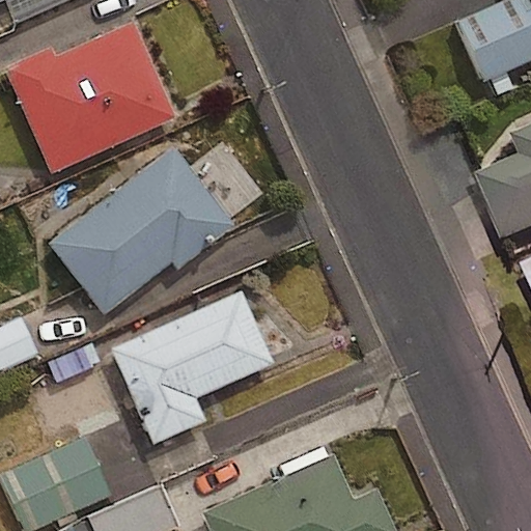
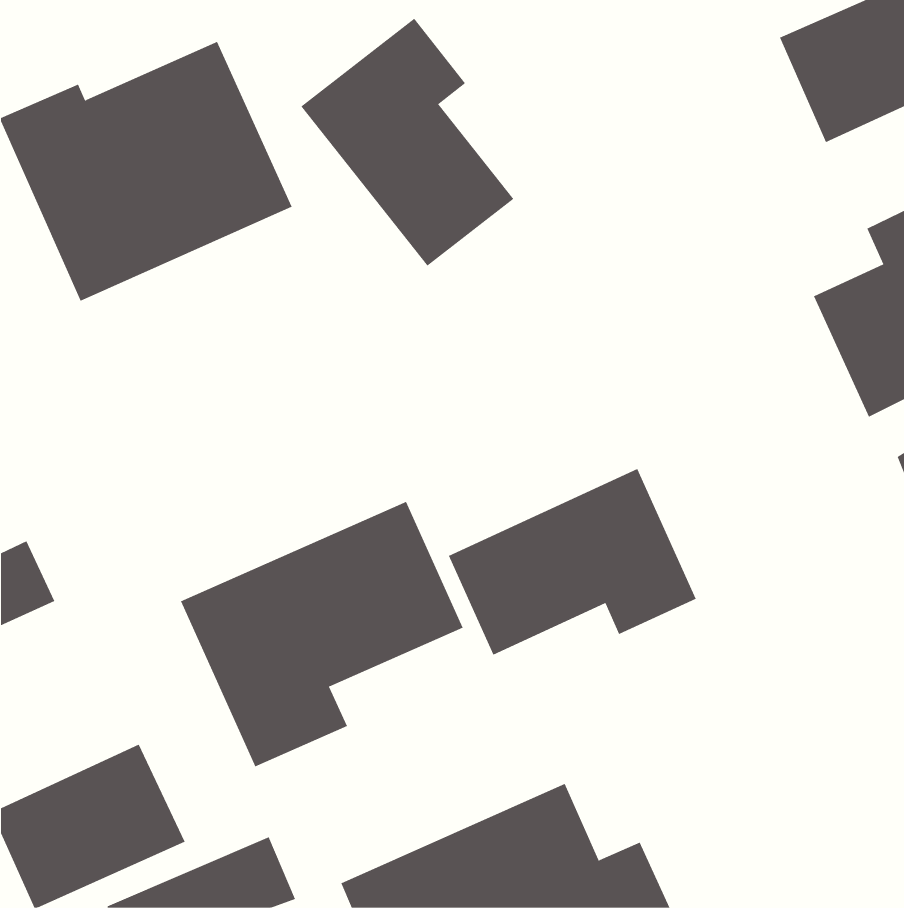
building: none -> [301,18,514,267]
building: [46,146,234,317] -> none
building: none -> [448,468,697,655]

